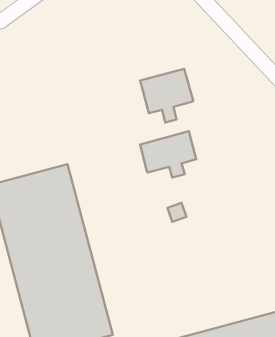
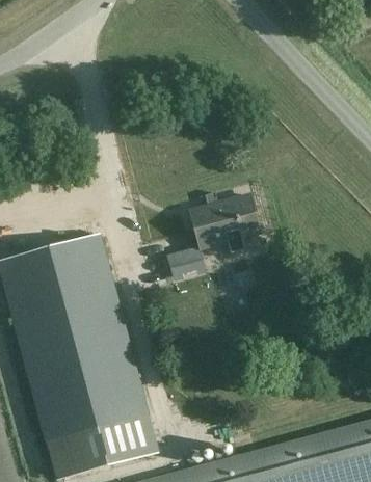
building: [140,69,193,122] -> none
building: none -> [166,247,205,276]

